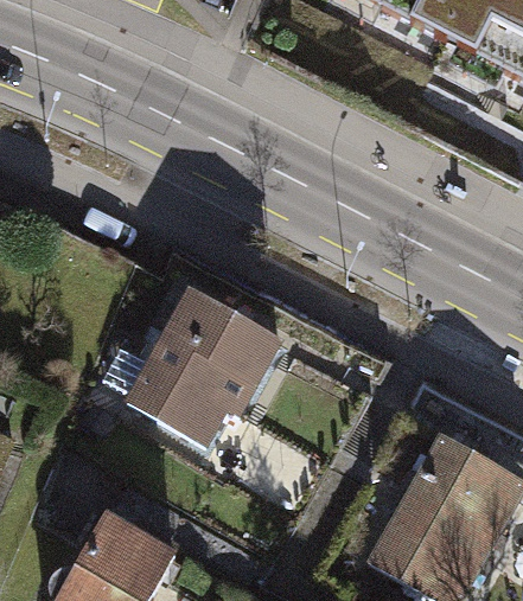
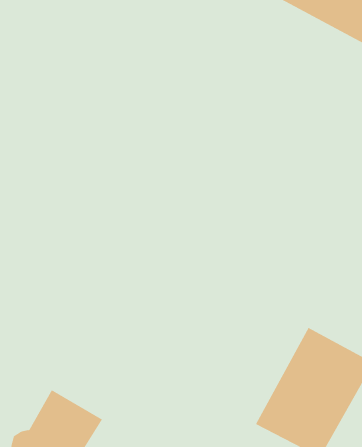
building: [128,289,282,442] -> none

